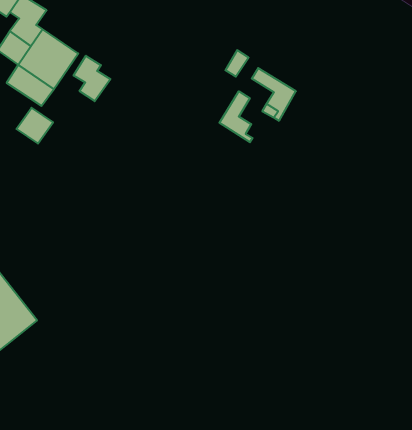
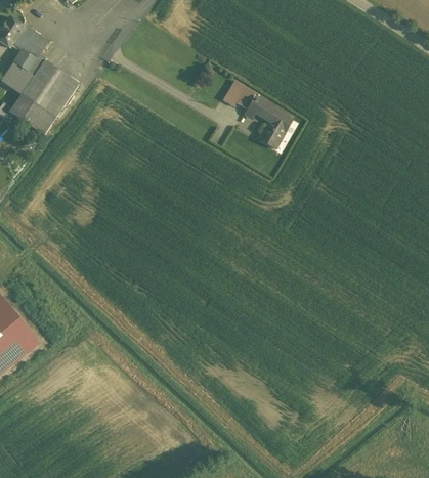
building: [74,56,110,101] -> none
building: [219,91,253,142] -> none
building: [16,108,53,144] -> none

